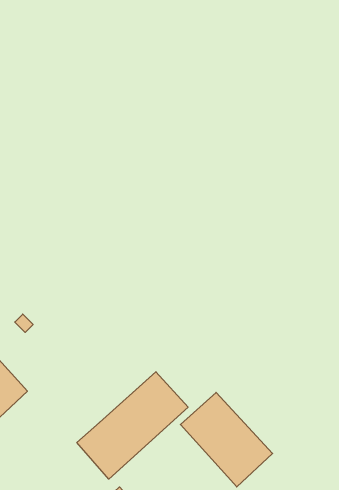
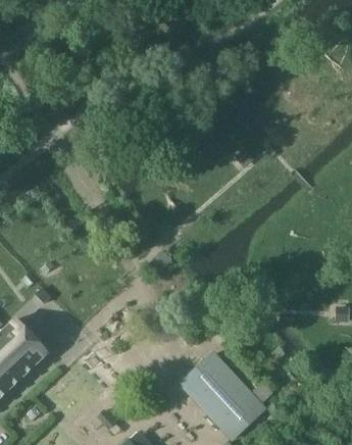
building: [77,372,188,479] -> none

